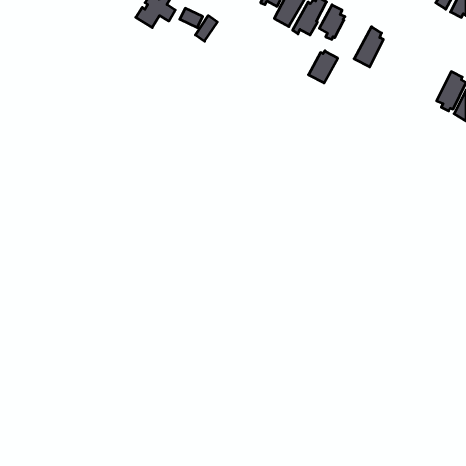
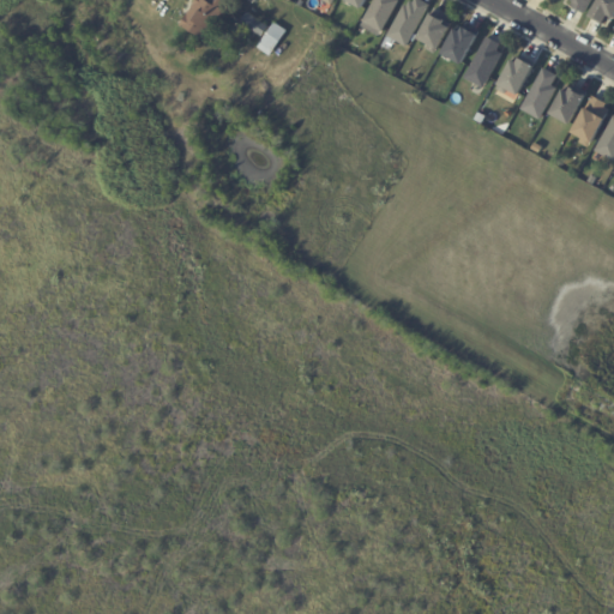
building: none -> [495,53,535,95]
building: none -> [519,66,556,119]
building: [308,51,338,83] -> [440,22,478,64]
building: none -> [549,83,585,124]

